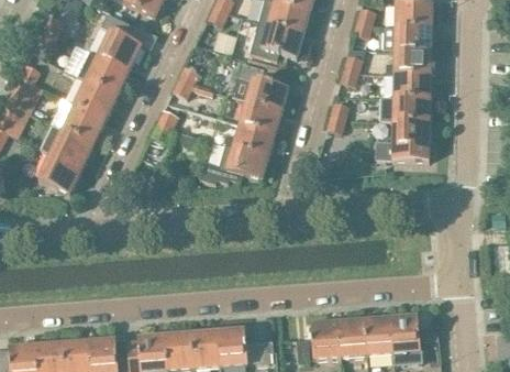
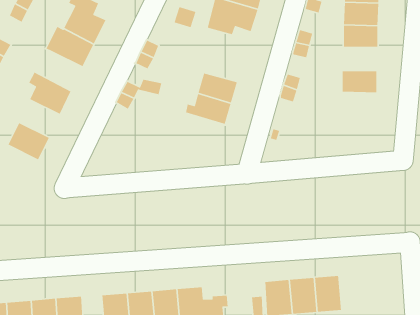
building: [236,63,288,111] -> none
building: [392,75,431,99] -> none
building: [65,79,117,121] -> none
building: [391,122,430,152] -> none
building: [40,125,92,171] -> none
building: [199,144,268,184] -> none
building: [389,315,420,354] -> none

